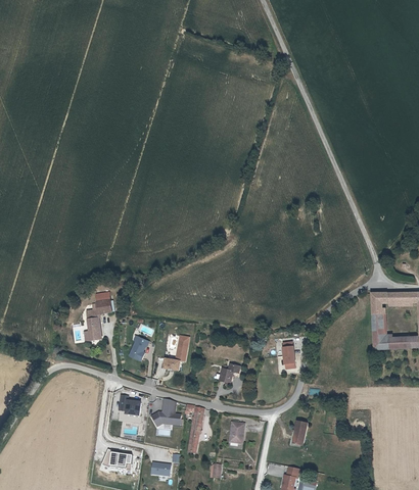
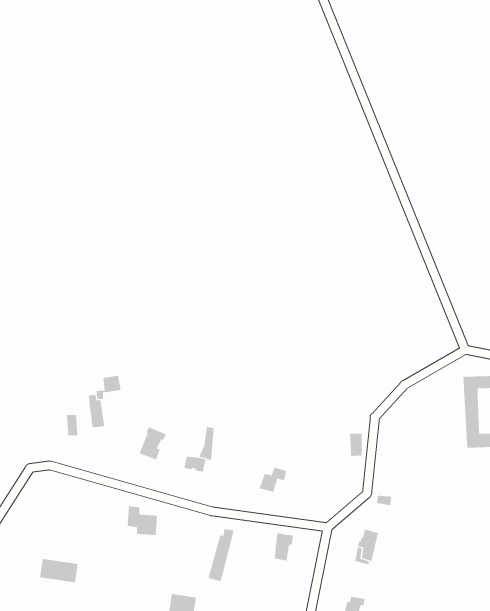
building: [152,399,181,427] -> none
building: [103,451,133,470] -> [39,559,78,583]

